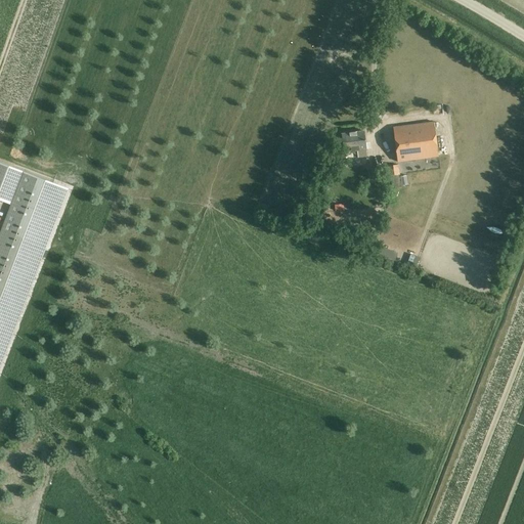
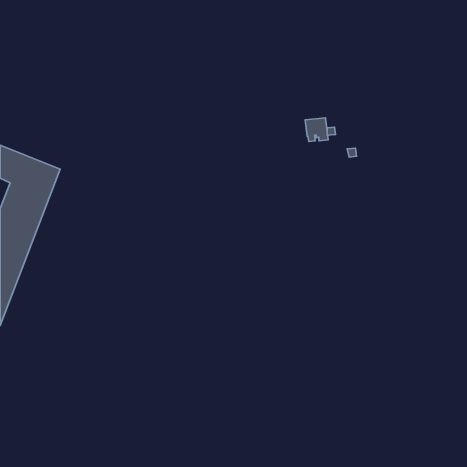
building: [393,122,438,162] -> none

